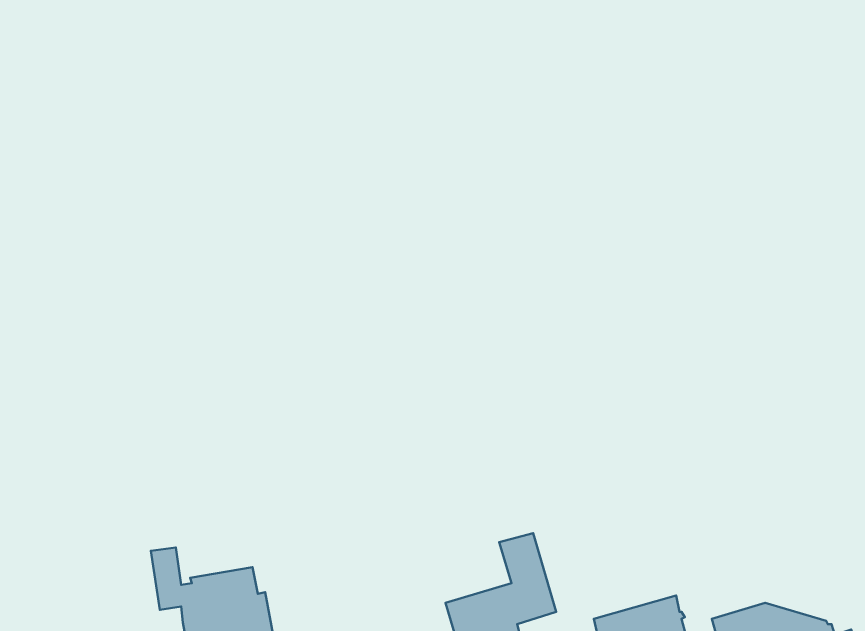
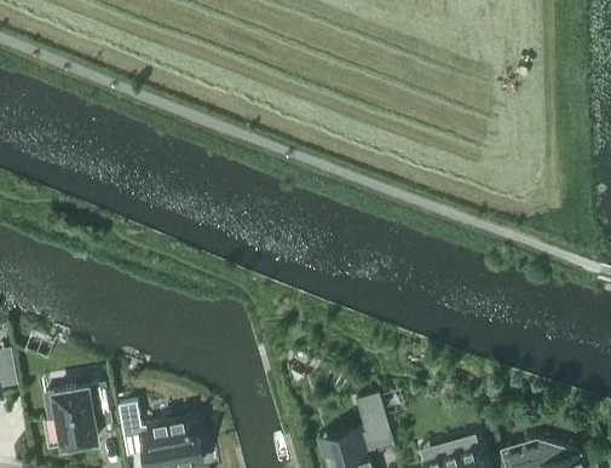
building: none -> [42,385,109,450]

